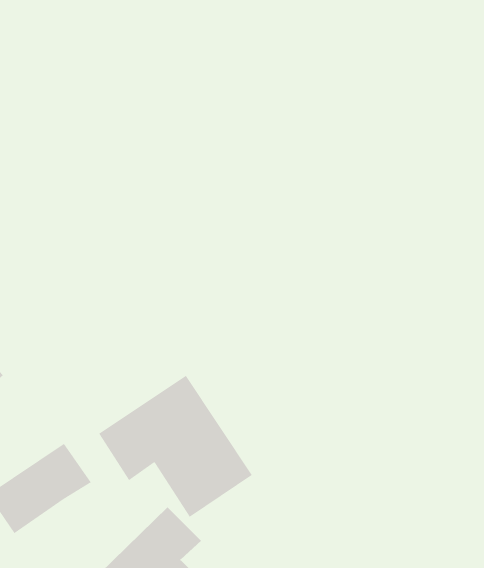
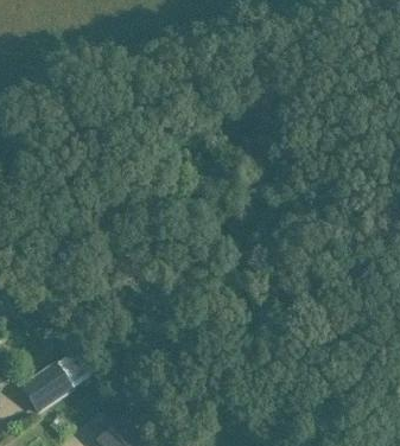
building: [98,375,253,518] -> none

